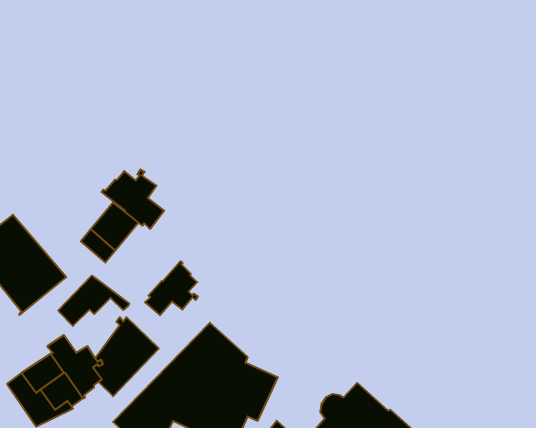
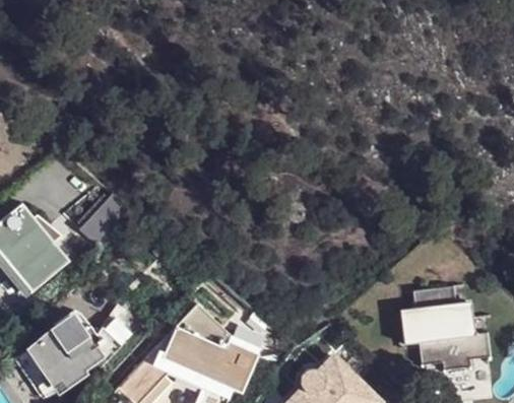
building: [102,169,164,229] -> none
building: [145,261,198,315] -> none
building: [58,276,129,326] -> none
building: none -> [403,288,489,370]

